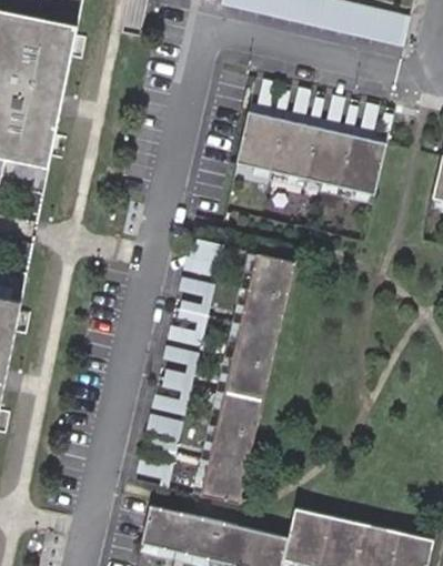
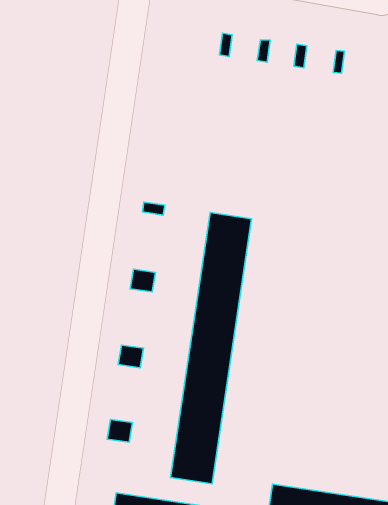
building: [236,113,386,196] -> none

